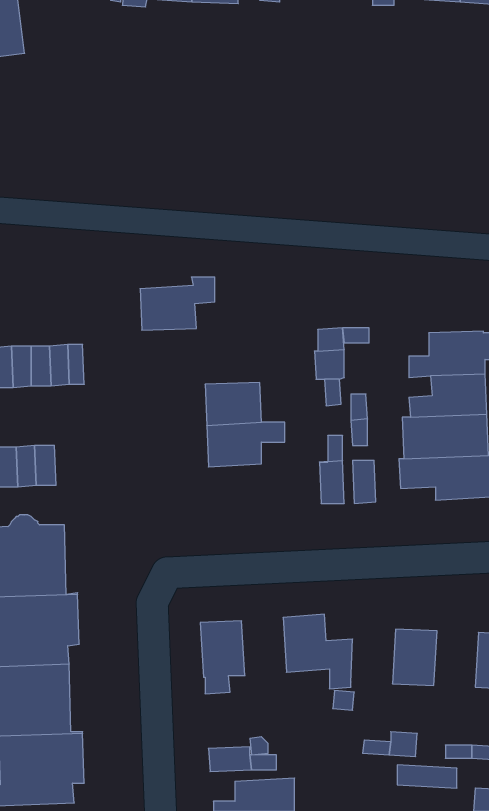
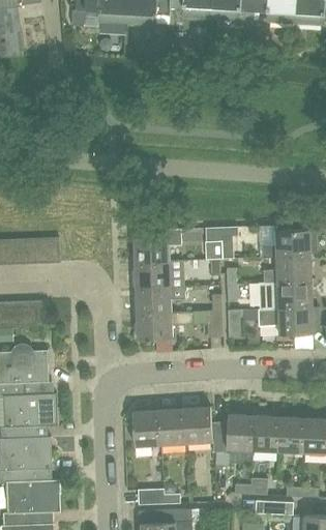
building: [140,277,215,330] -> [135,229,181,262]
building: none -> [138,311,195,340]
building: none -> [158,408,186,444]
building: none -> [227,414,255,449]
building: none -> [278,416,306,451]

